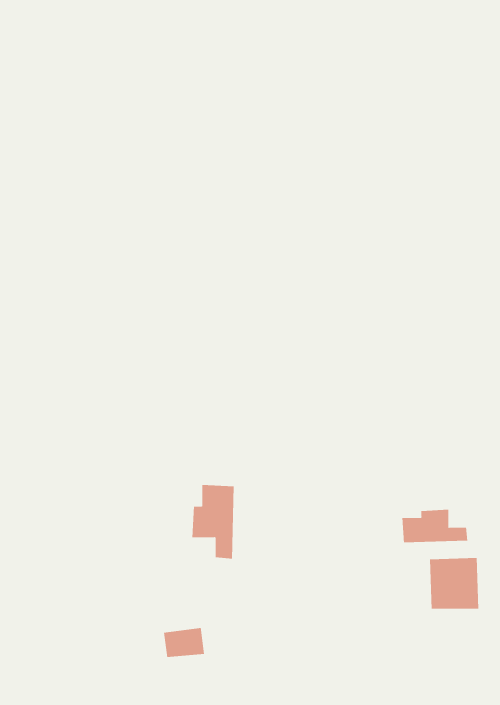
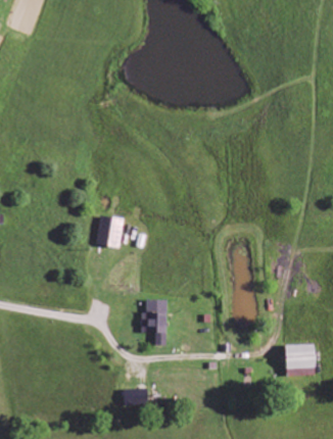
building: none -> [95,214,124,247]
building: [402,509,468,543] -> none

